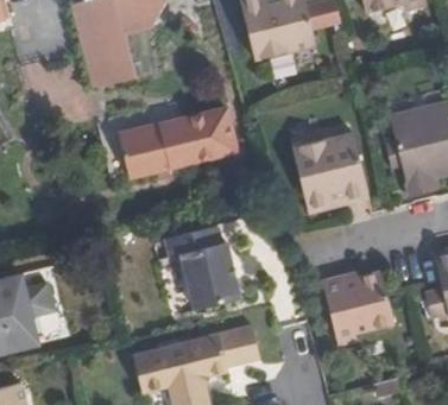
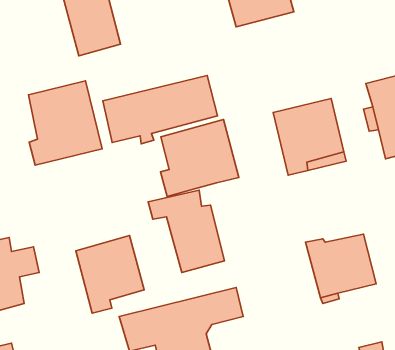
building: none -> [28,81,102,165]
building: none -> [161,119,239,197]
building: none -> [76,235,144,313]

